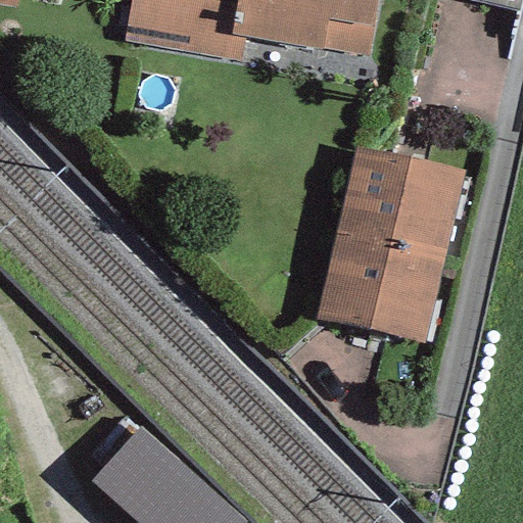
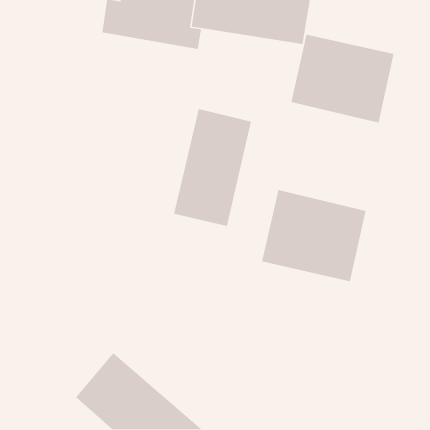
building: none -> [173,108,252,227]
building: [338,146,464,254] -> [290,34,394,123]

